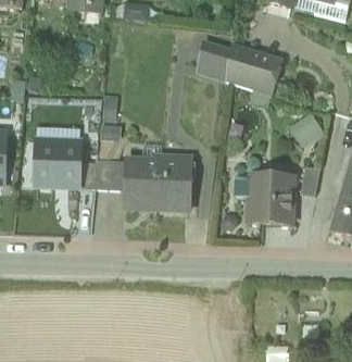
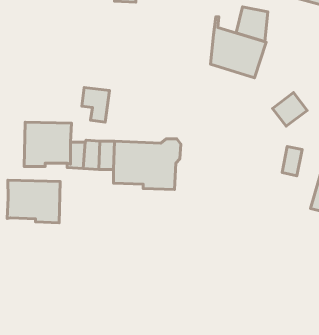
building: [196,45,228,80] -> [236,7,268,41]
building: [234,175,292,223] -> none
building: none -> [7,180,60,223]

